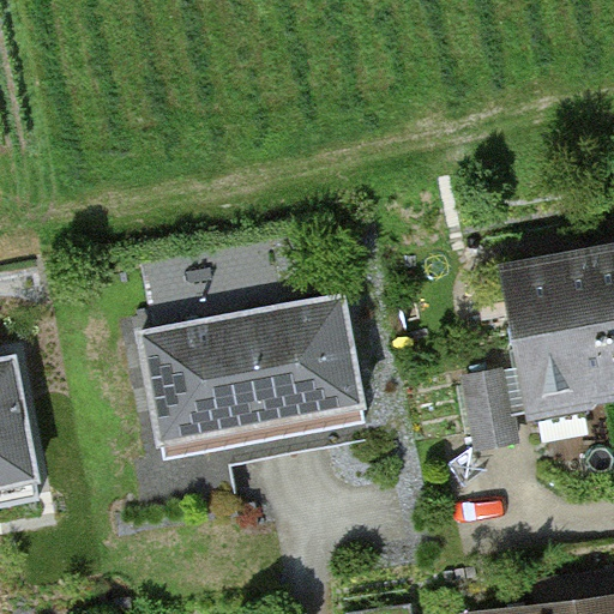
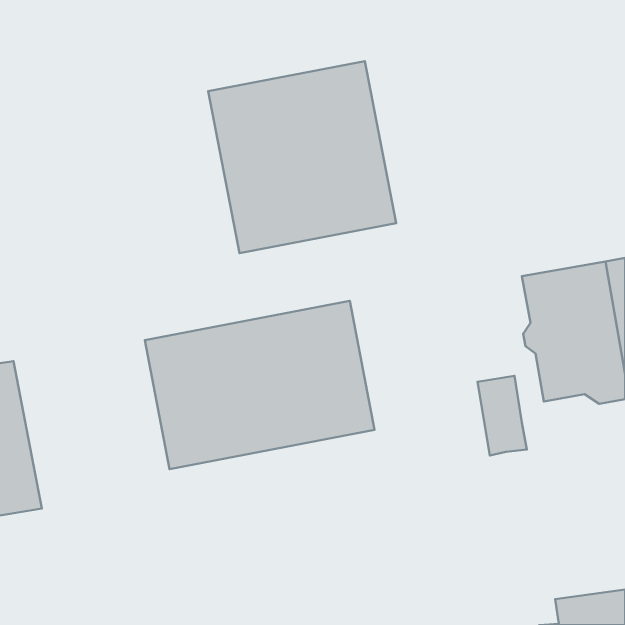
building: none -> [208,61,396,253]

